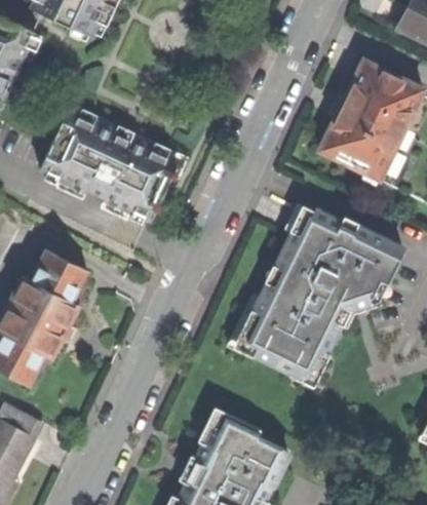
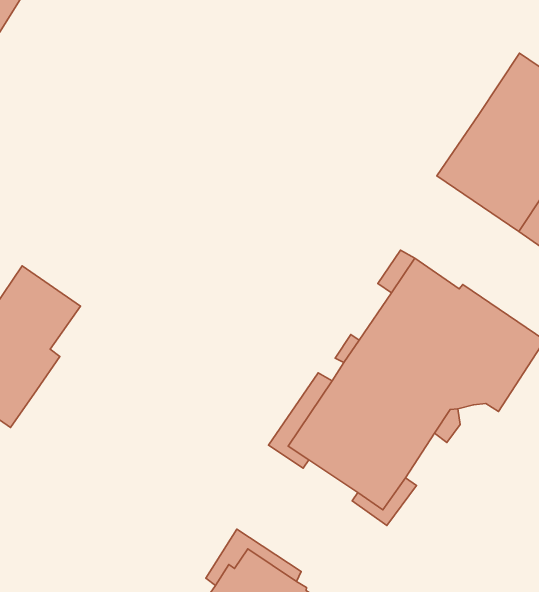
building: [41,111,179,222] -> none

